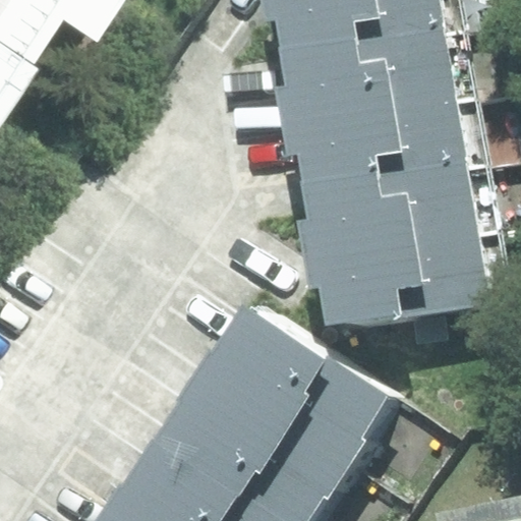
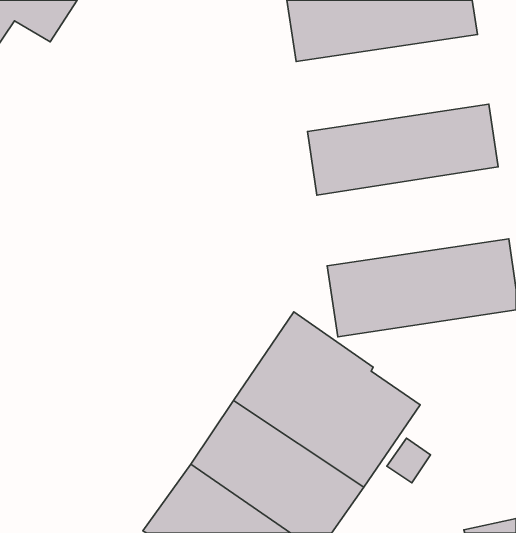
building: [289,34,477,128] -> none
building: [309,163,497,259] -> none

